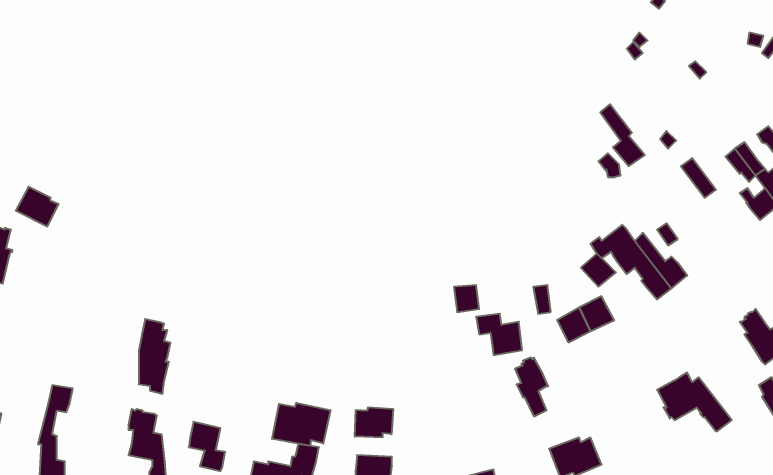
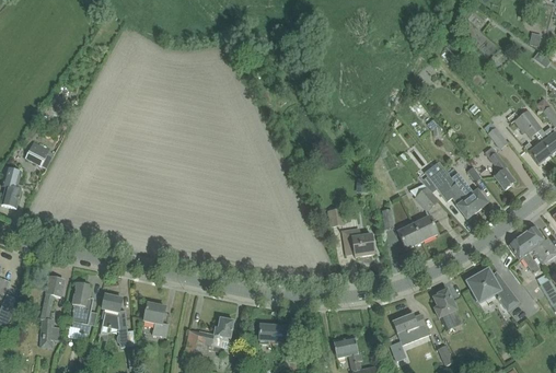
building: [600,104,645,166] -> [485,145,516,188]
building: [139,319,171,394] -> [72,281,94,333]
building: none -> [509,233,540,272]
building: [515,358,548,416] -> [433,289,456,329]
building: [272,403,331,446] -> none
building: [355,407,393,437] -> none

